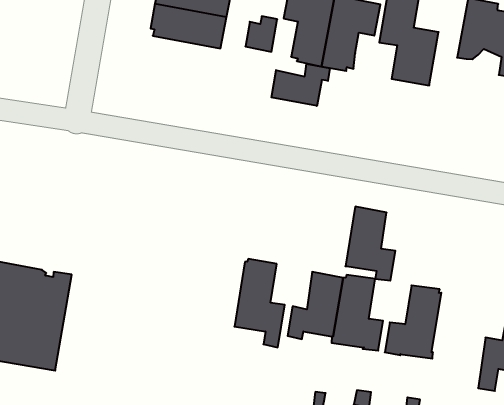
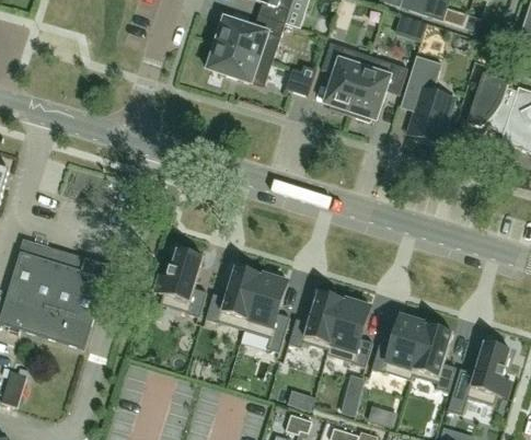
building: [271,64,330,106] -> none
building: [345,207,395,281] -> [411,324,455,392]
building: none -> [158,248,206,316]
building: none -> [205,266,259,329]

